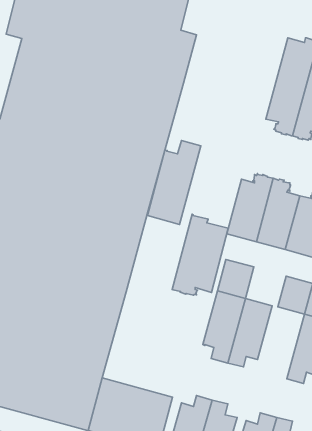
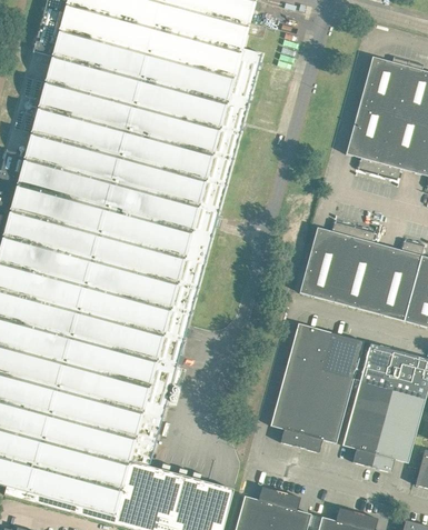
building: [147,141,201,225] -> none
building: [172,214,228,295] -> none
building: none -> [321,332,364,379]
building: none -> [342,380,392,467]

